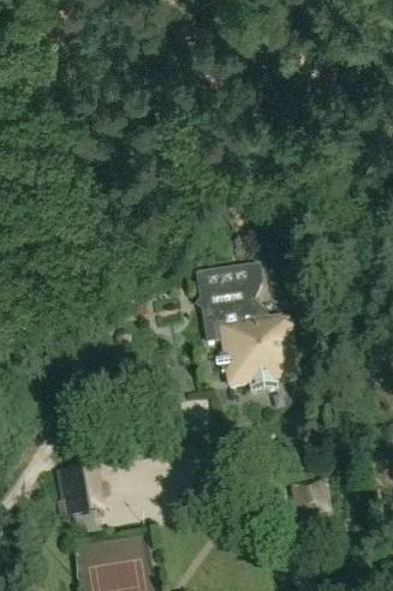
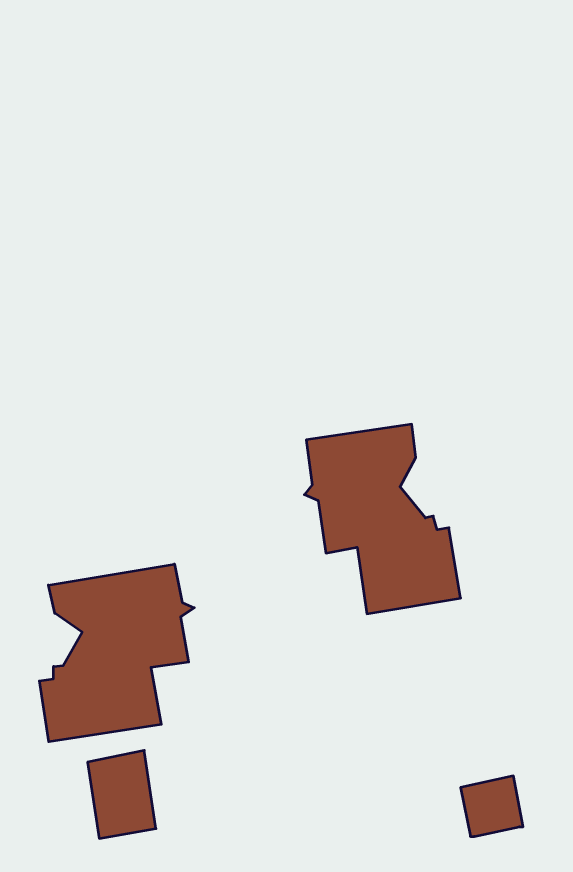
building: none -> [39,564,194,742]

